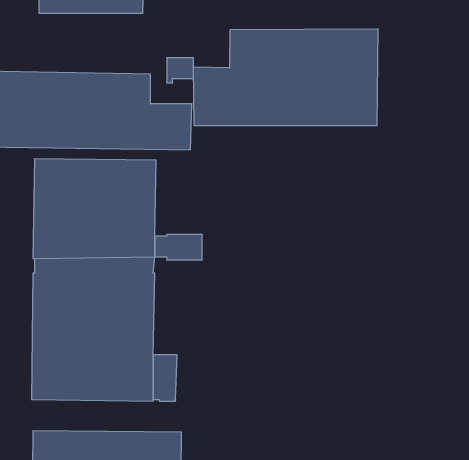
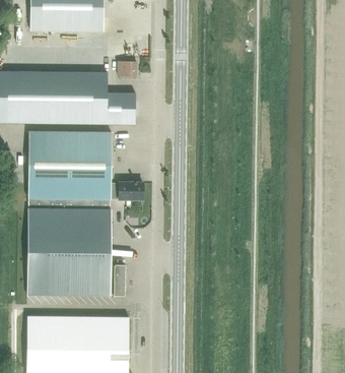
building: [193,29,378,126] -> none

